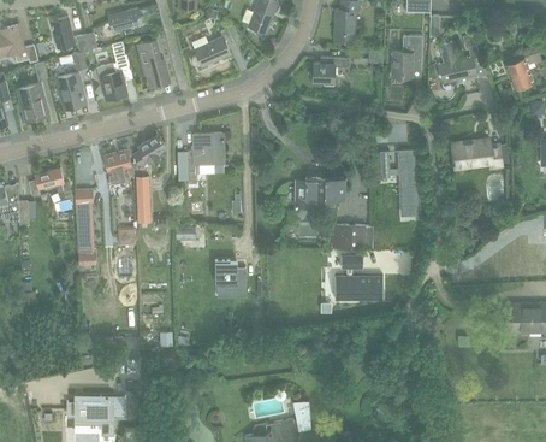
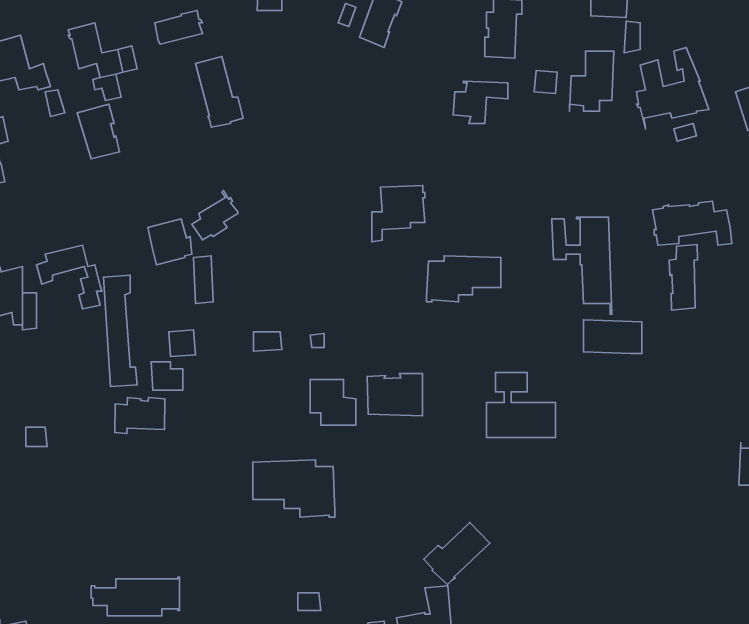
building: [190,31,233,67] -> none
building: [97,41,132,99] -> none
building: [17,83,47,118] -> none
building: [186,134,222,172] -> [372,185,425,242]
building: none -> [669,244,698,310]
building: [332,225,372,248] -> [584,320,642,354]
building: none -> [367,373,422,416]
building: none -> [115,398,165,434]
building: none -> [253,460,335,517]
building: none -> [424,522,490,584]

